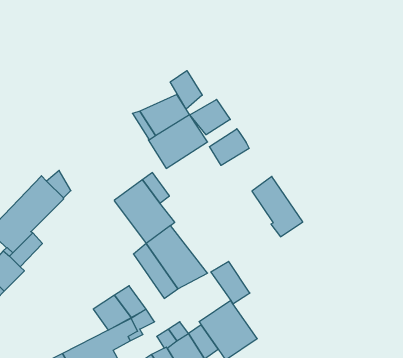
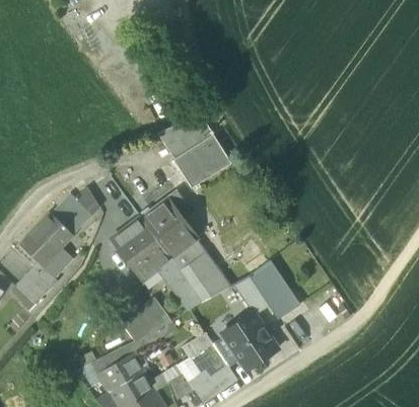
building: [170,71,202,109] -> none
building: [190,99,230,135] -> none
building: [209,129,249,165] -> none
building: [252,176,303,237] -> [251,261,299,319]
building: none -> [111,218,171,280]

